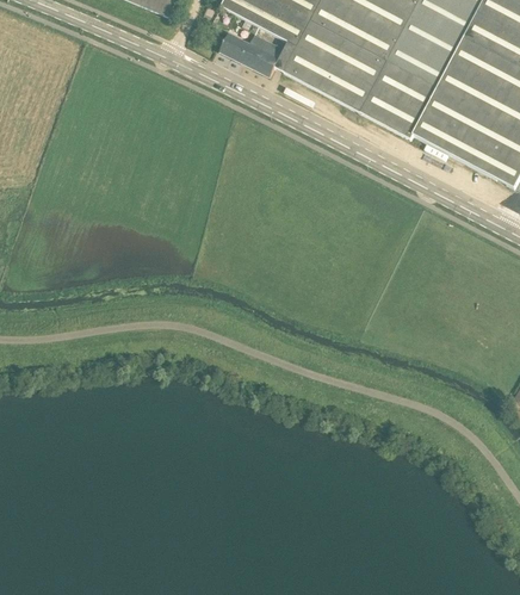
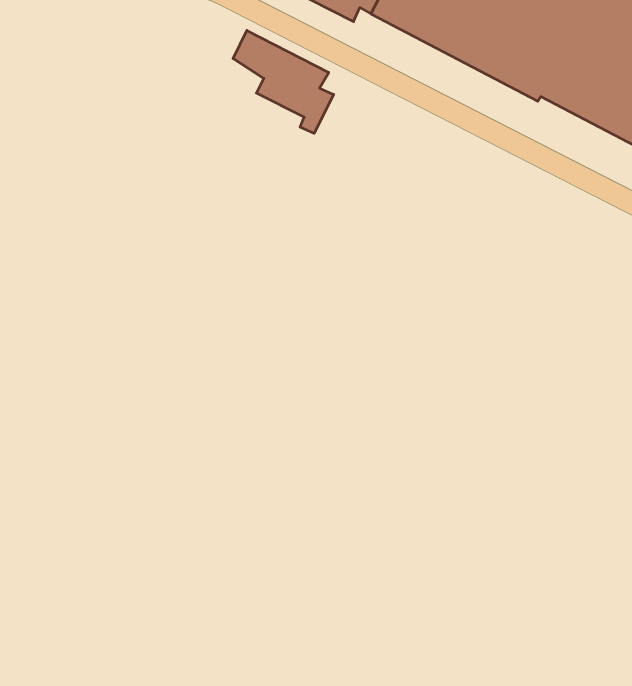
building: none -> [233,30,334,133]

